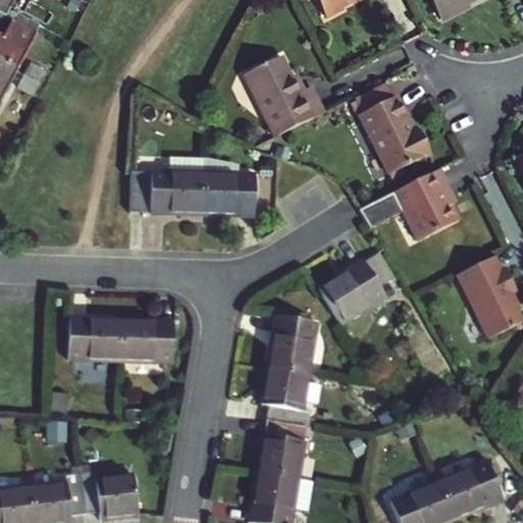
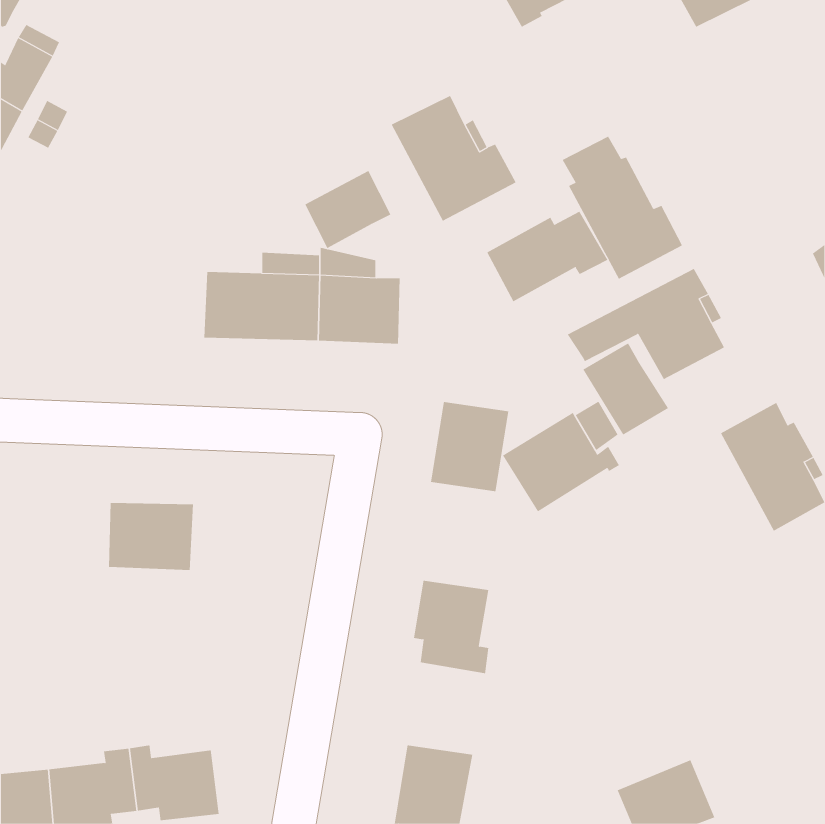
building: none -> [304,170,391,249]
building: none -> [487,211,608,302]
building: none -> [582,342,669,436]
building: [268,316,318,373] -> [430,401,509,492]
building: [121,319,174,362] -> none
building: [257,419,307,477] -> none
building: [437,460,502,517] -> none

